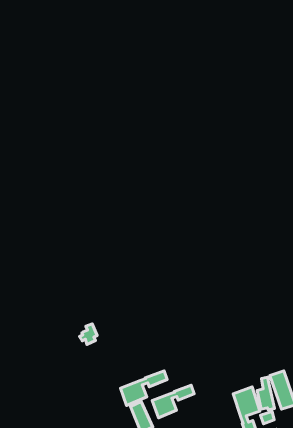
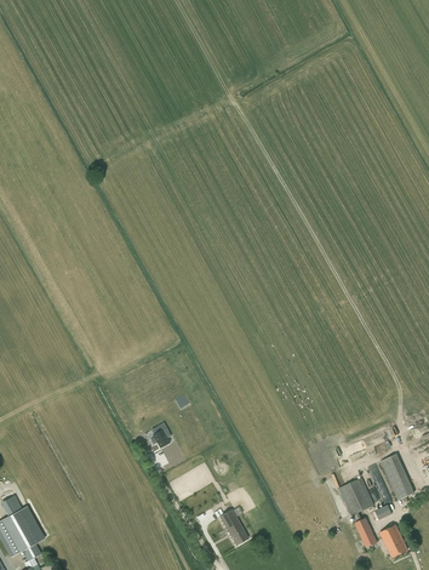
building: [120,371,167,405] -> none
building: [152,385,194,418] -> none

